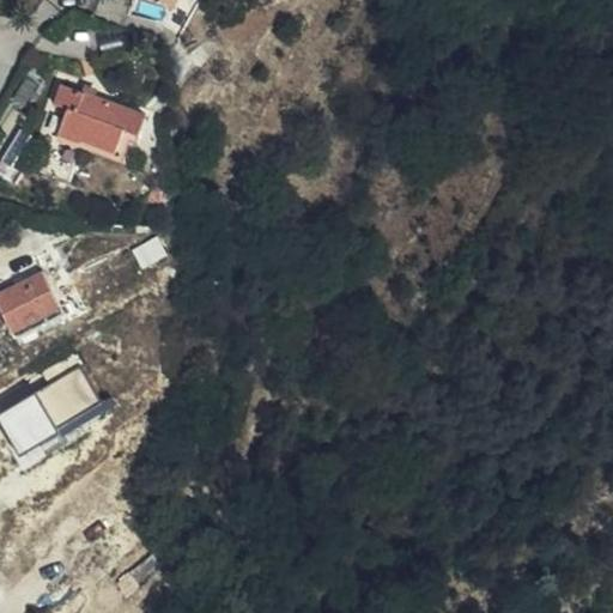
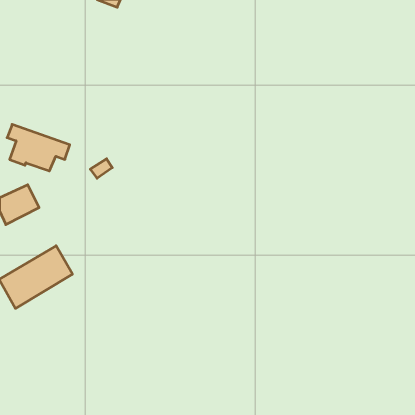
building: [51,85,144,153] -> [7,124,70,171]

